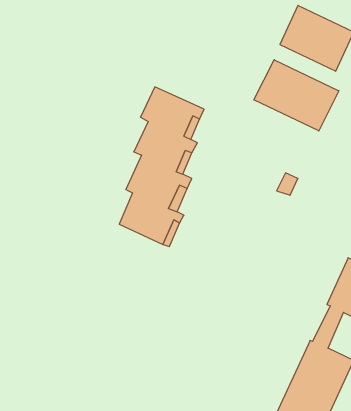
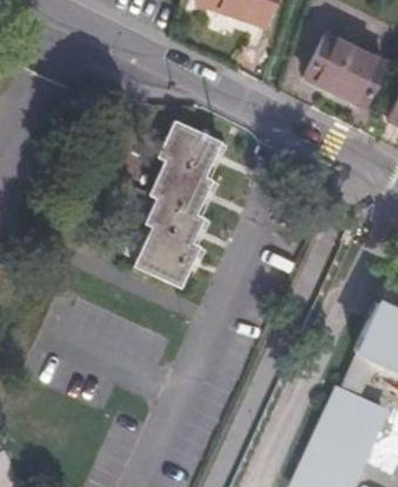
building: [254,60,339,131] -> none

